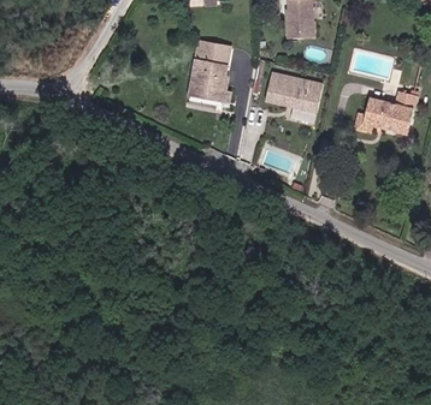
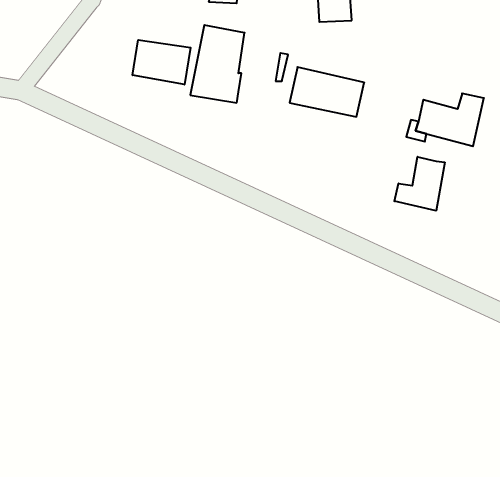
building: none -> [133,40,191,85]
building: none -> [394,157,445,211]

